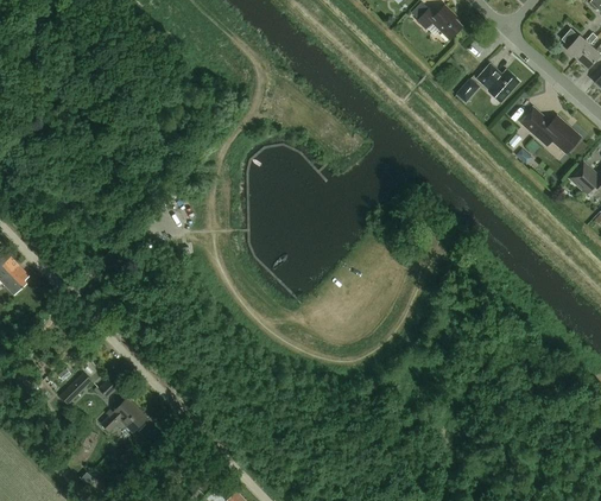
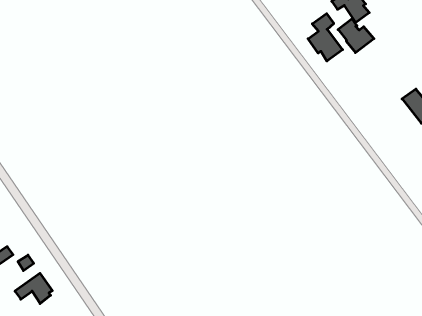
building: none -> [308,14,343,61]
building: [476,63,520,102] -> [338,19,374,53]

